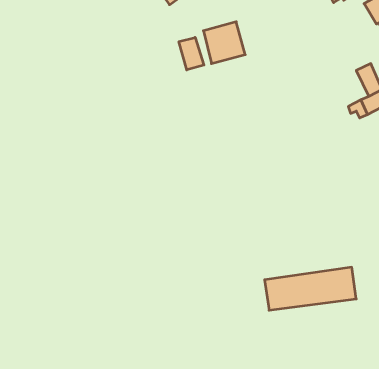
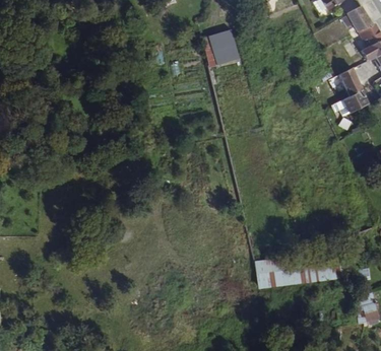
building: [179,37,204,70] -> none

